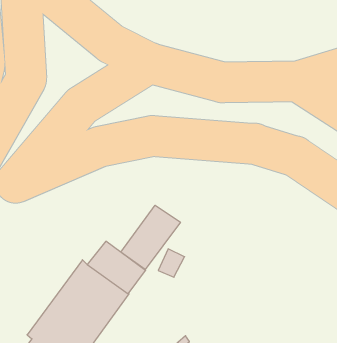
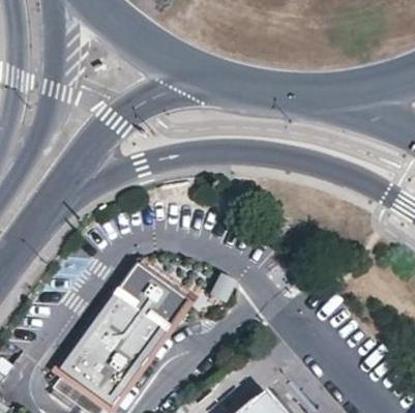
building: [121,205,180,269] -> none

